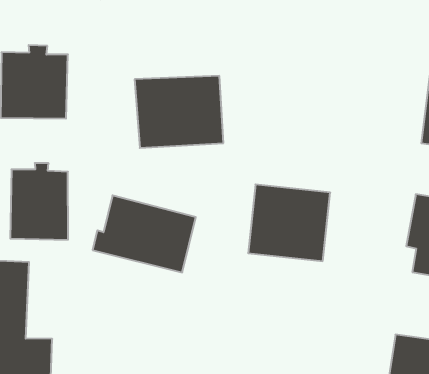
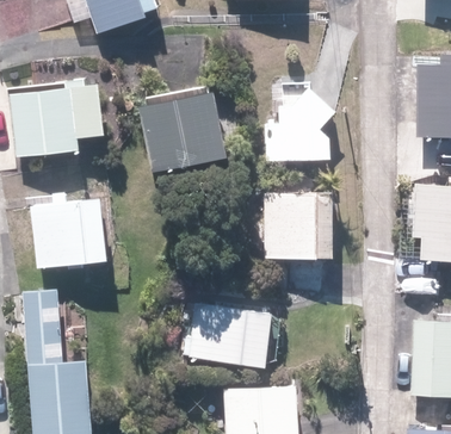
building: none -> [262,88,335,162]
building: [93,195,196,272] -> [180,303,274,368]

